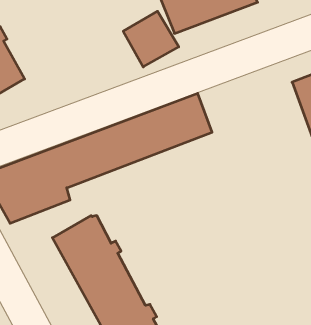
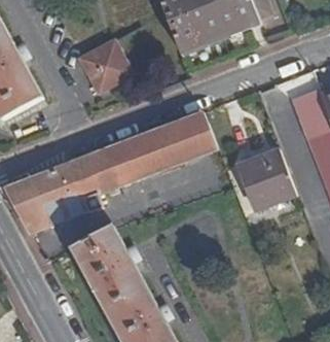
building: [123,11,179,67] -> [81,39,133,91]
building: none -> [239,149,296,208]

